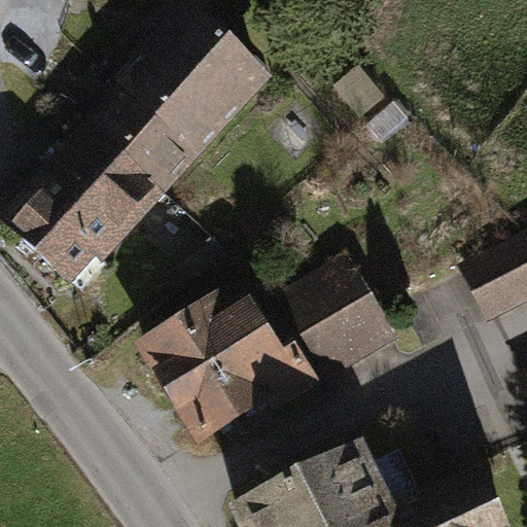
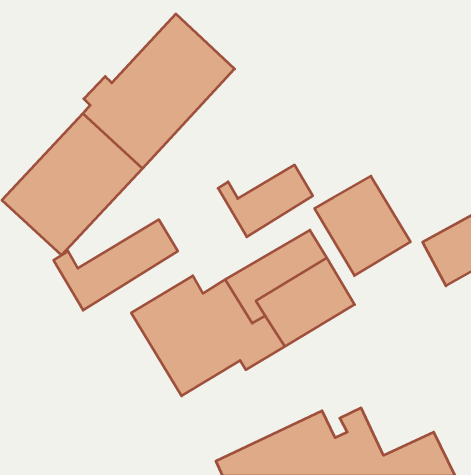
building: none -> [218,165,313,237]
building: none -> [315,176,410,276]
building: none -> [54,220,178,310]

